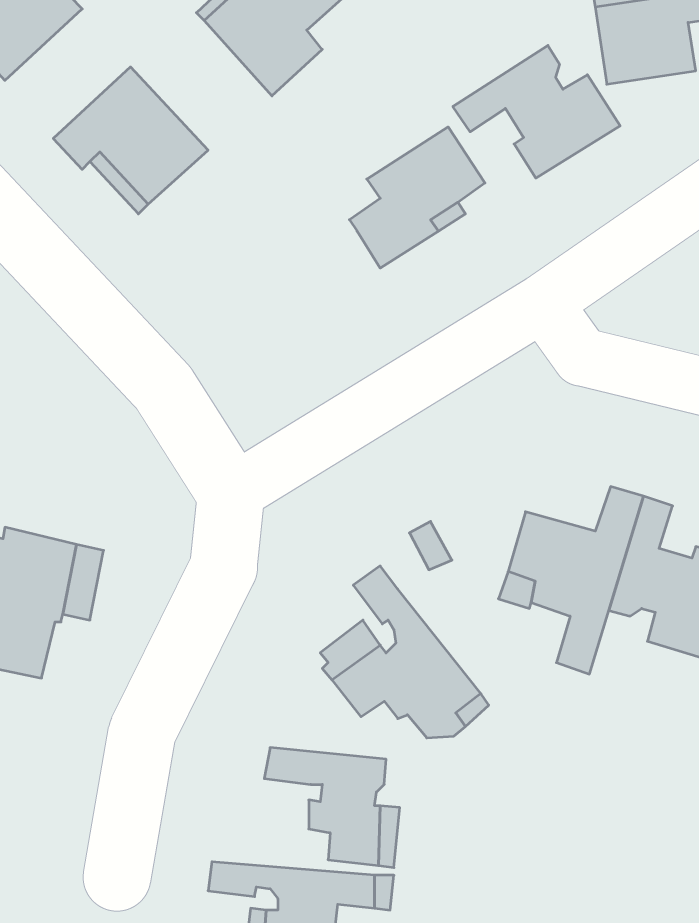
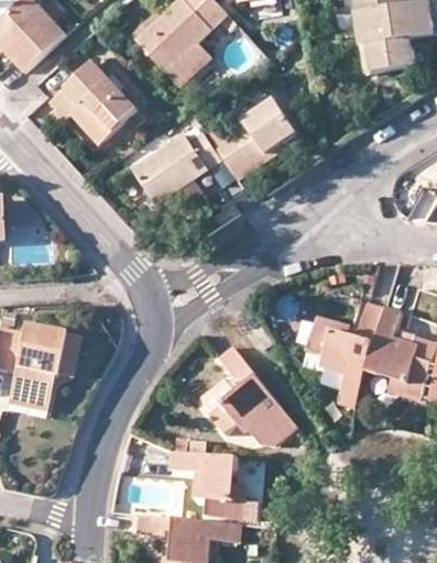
building: [453,45,620,178] -> none
building: none -> [132,129,222,202]

